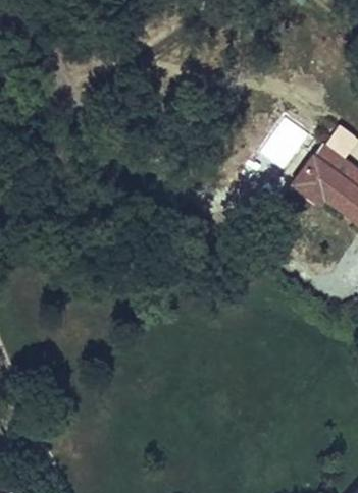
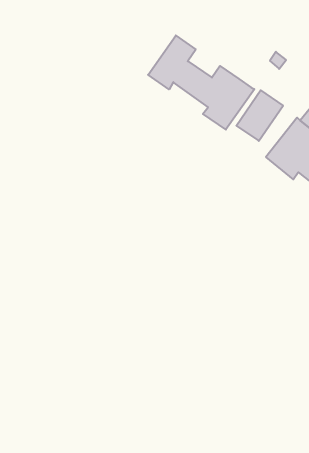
building: none -> [148,35,254,130]

